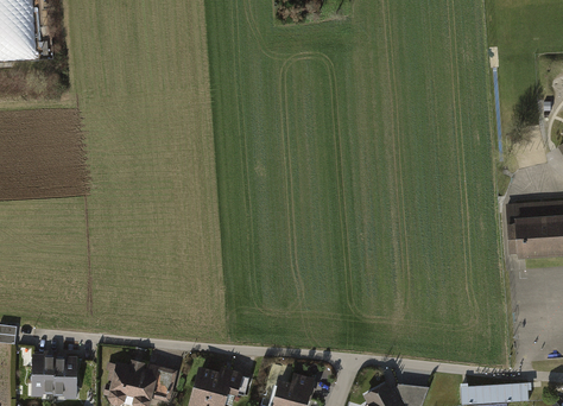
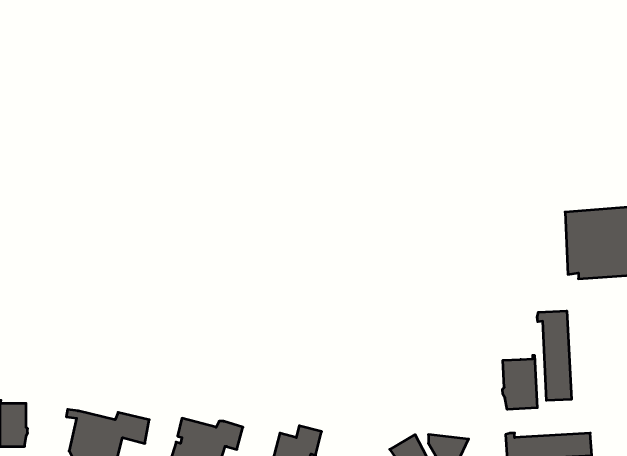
building: none -> [537,311,571,400]
building: none -> [503,355,537,409]

